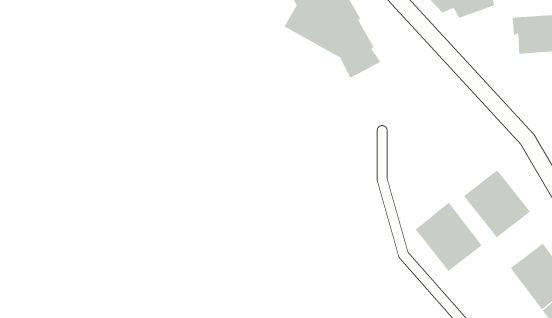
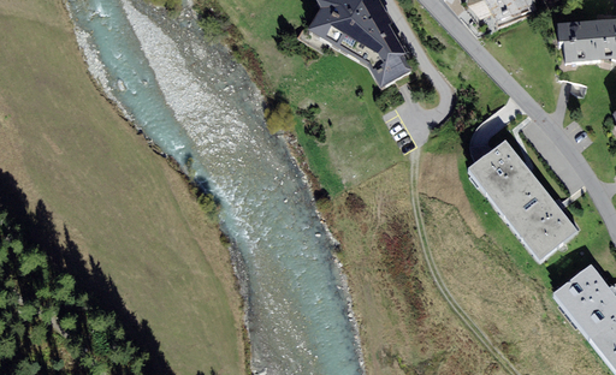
building: [415,202,483,272] -> [467,141,540,216]

